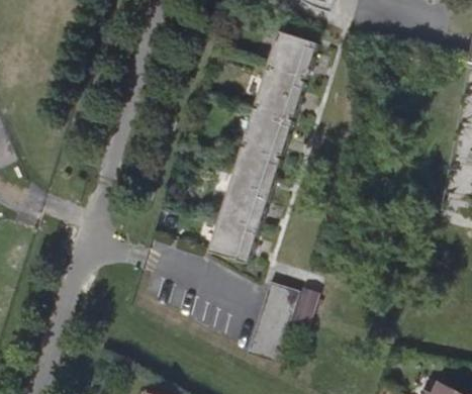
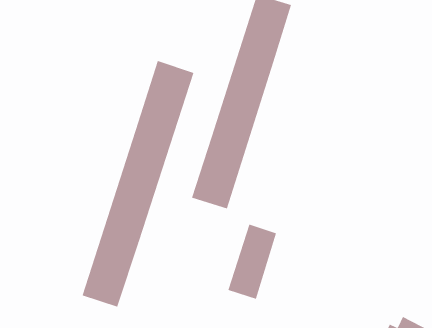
building: none -> [82,60,194,308]

